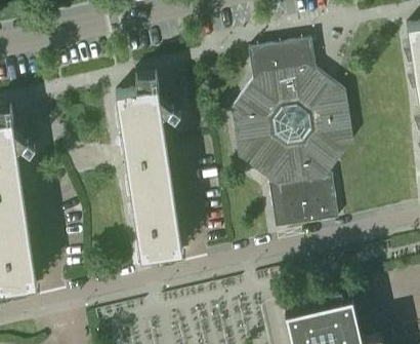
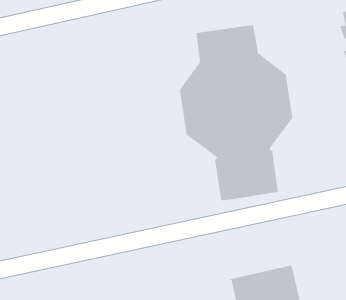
building: [116,75,182,260] -> none

